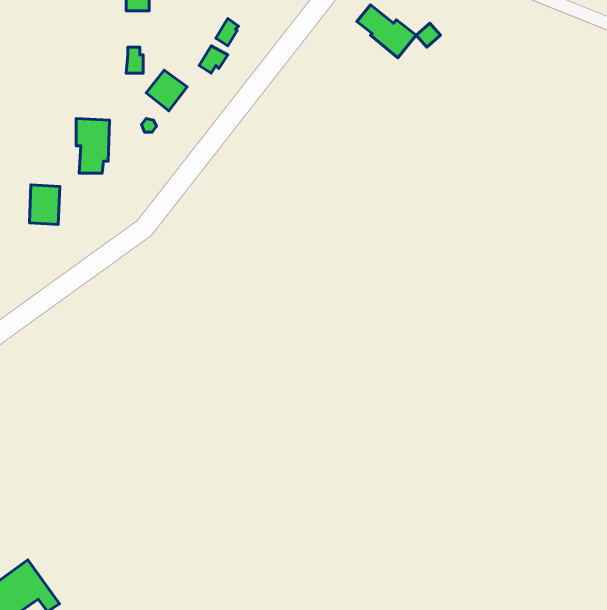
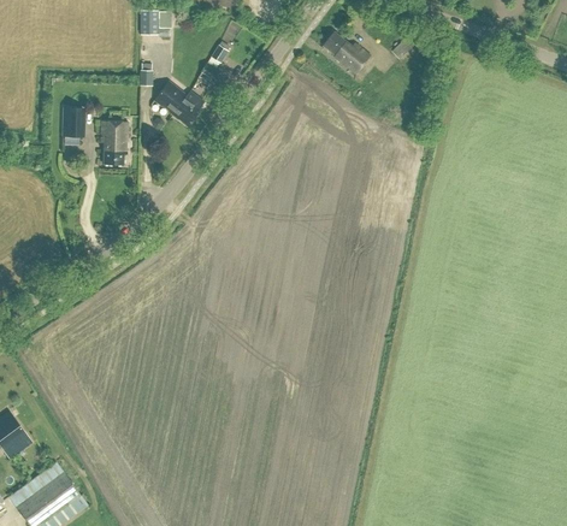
building: none -> [173,90,205,124]
building: [29,185,60,224] -> [60,105,84,136]

